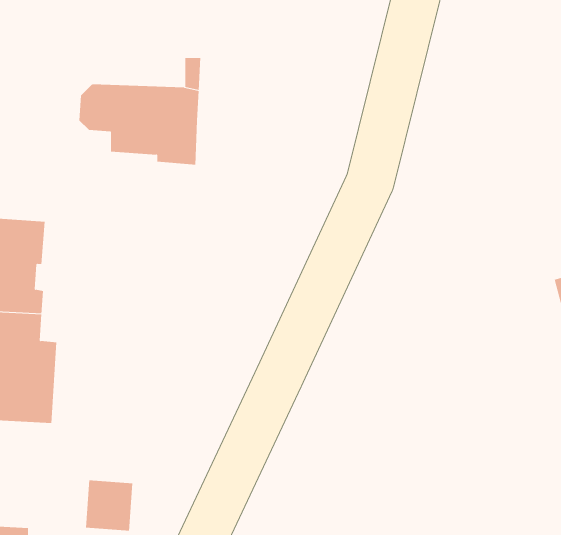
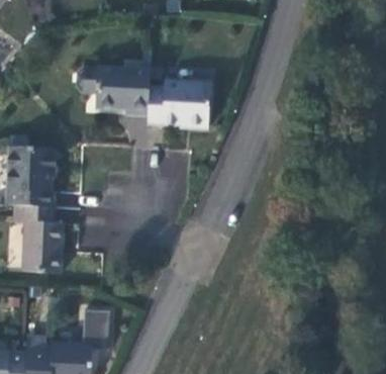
building: none -> [147,81,210,126]

